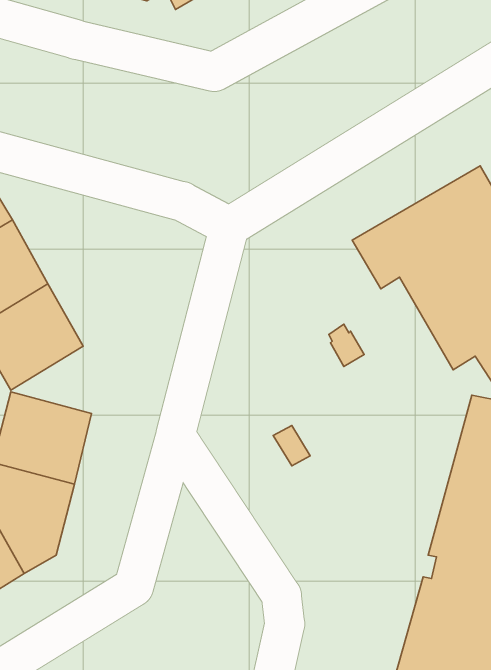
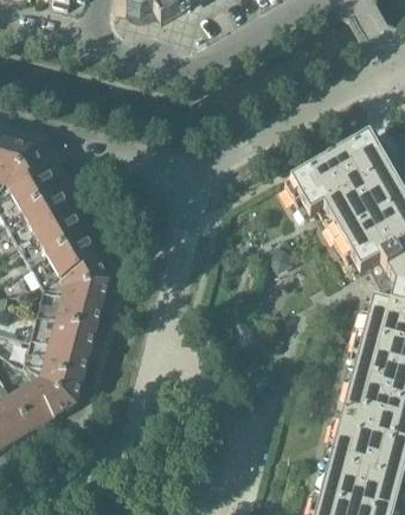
building: none -> [44,256,108,304]

